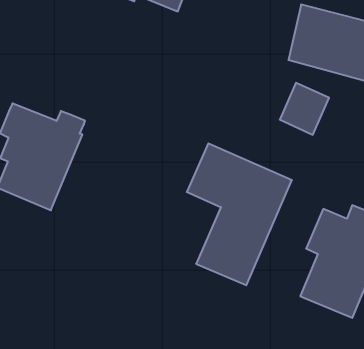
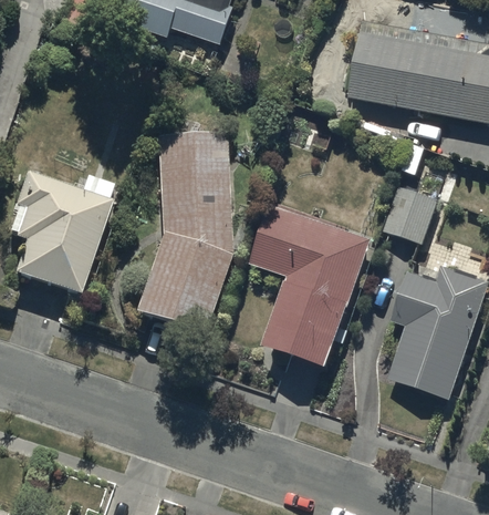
building: [280,83,329,135] -> [384,186,441,247]
building: none -> [135,132,233,337]

